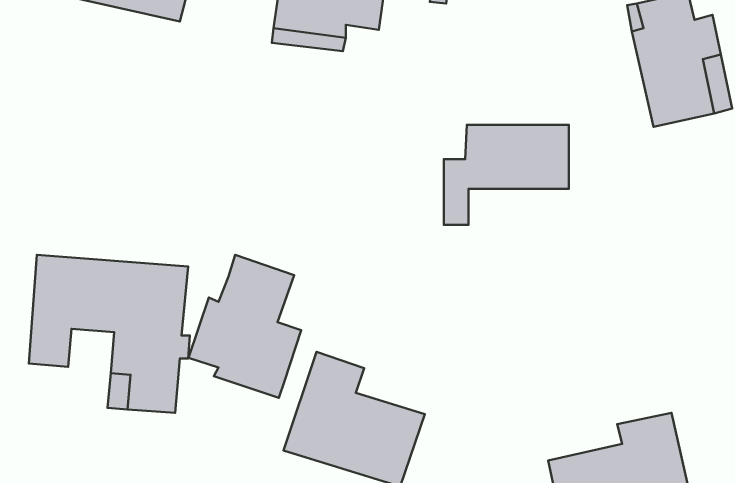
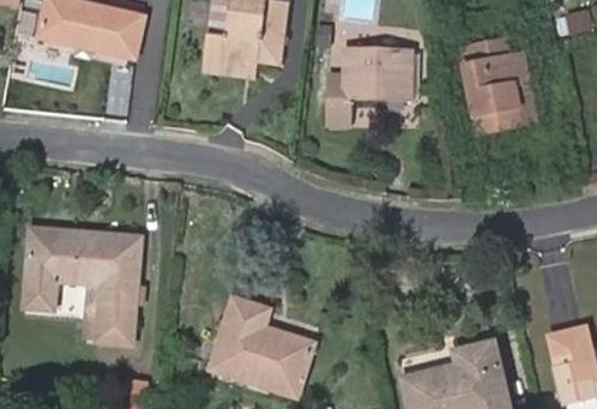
building: [444,125,569,225] -> [328,50,420,124]
building: [189,255,301,398] -> none

